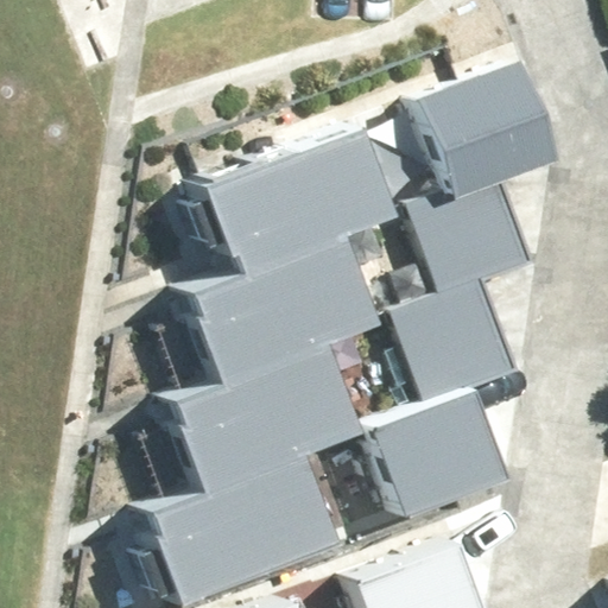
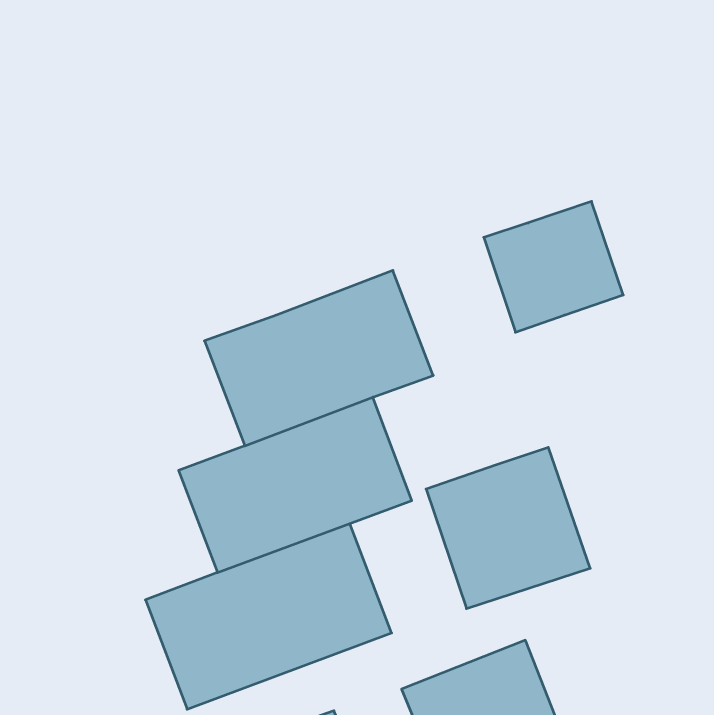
building: [420,70,551,201] -> none
building: [210,126,394,277] -> none
building: [397,277,515,400] -> none

